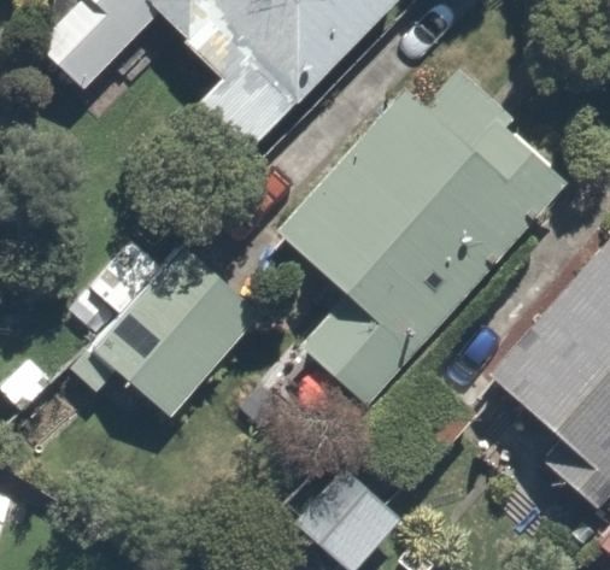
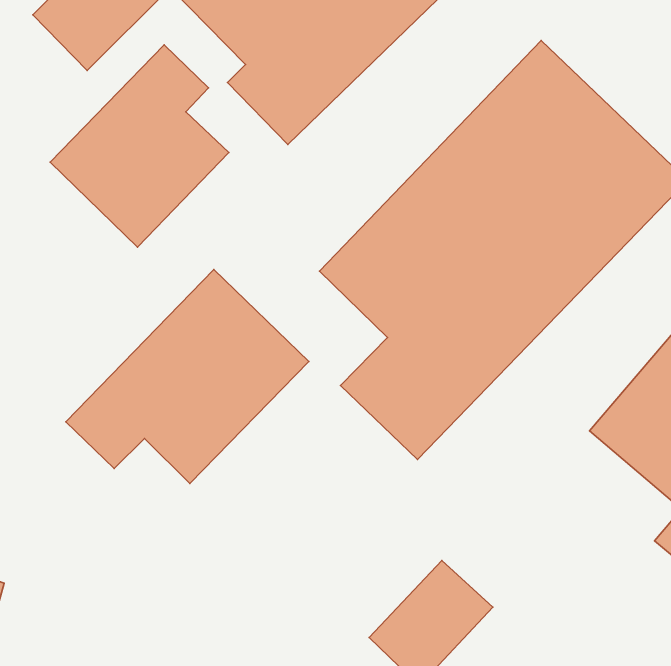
building: none -> [50,45,229,247]

